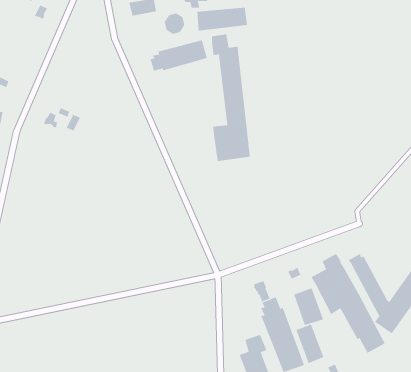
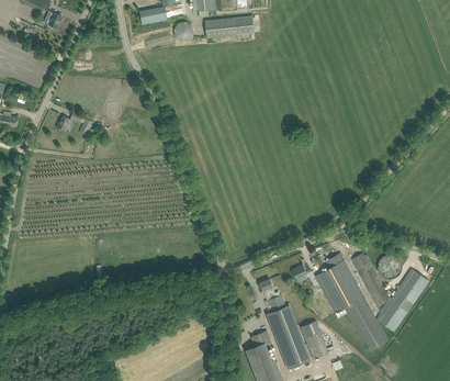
building: [211,34,250,162] -> none
building: [150,40,208,71] -> none
building: [294,287,324,326] -> none

